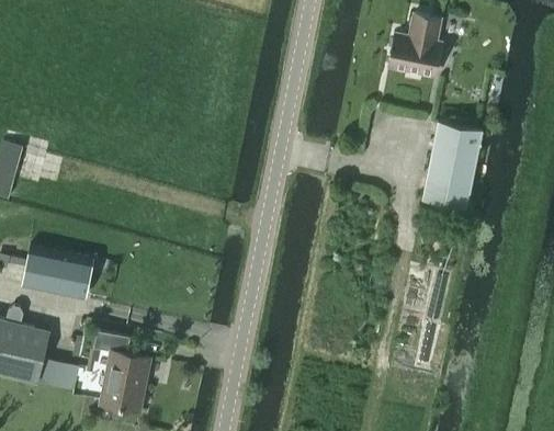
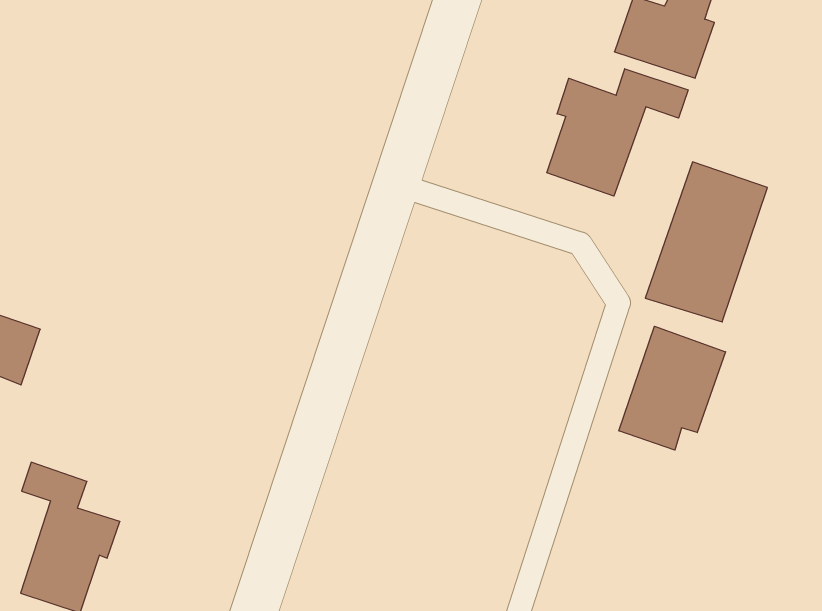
building: none -> [547,69,688,196]
building: none -> [619,326,726,450]

